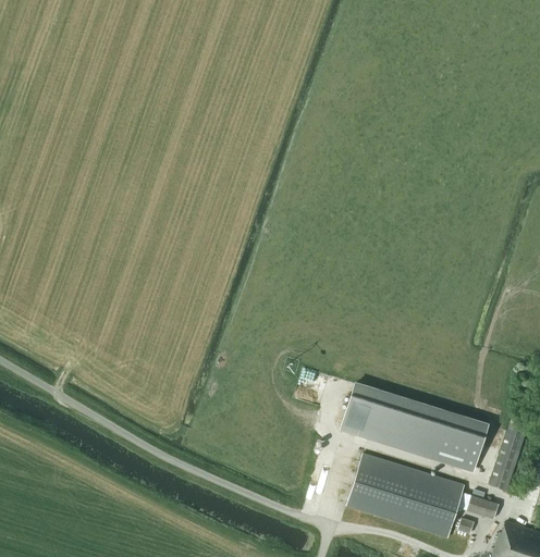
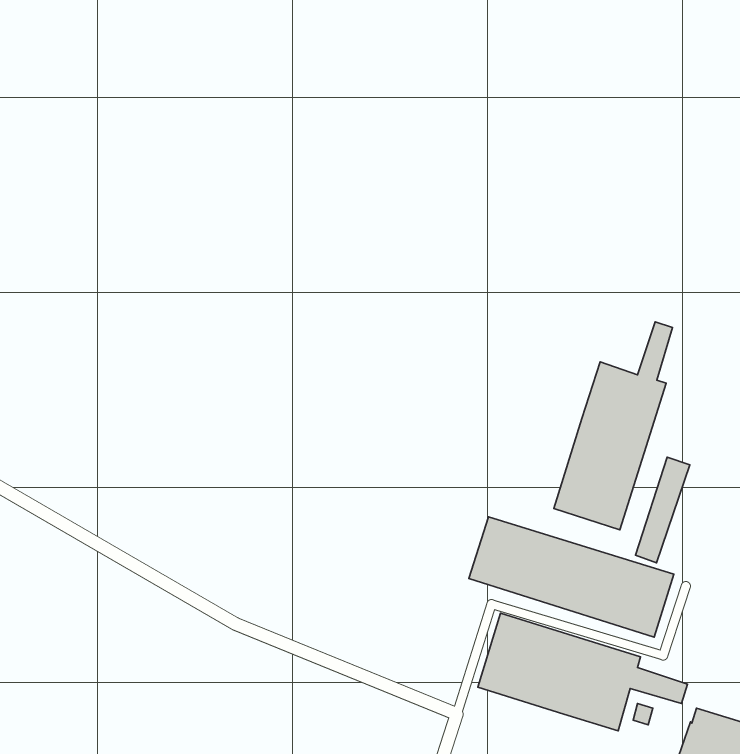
building: none -> [554,322,673,530]
building: [490,413,529,490] -> [635,457,690,563]

